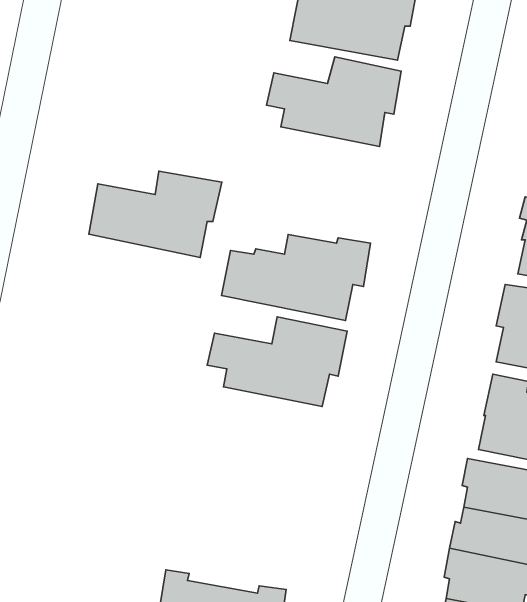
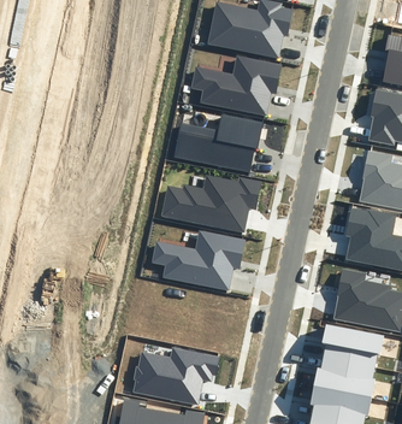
building: [89,171,222,257] -> [173,114,262,172]
building: none -> [131,348,218,406]

